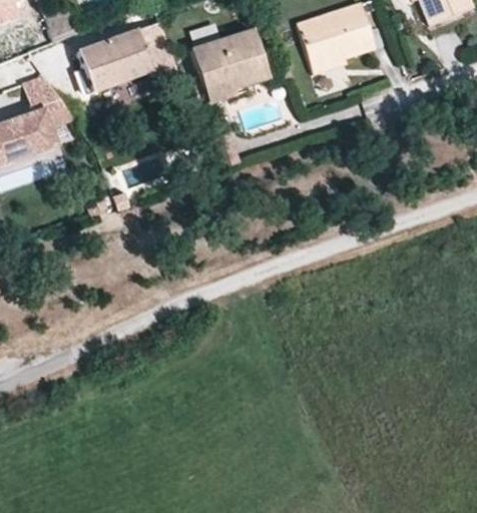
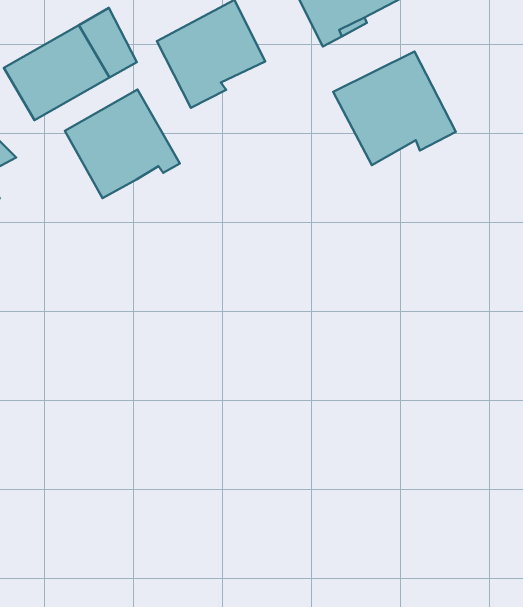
building: none -> [65,90,180,198]
building: none -> [333,51,456,165]

